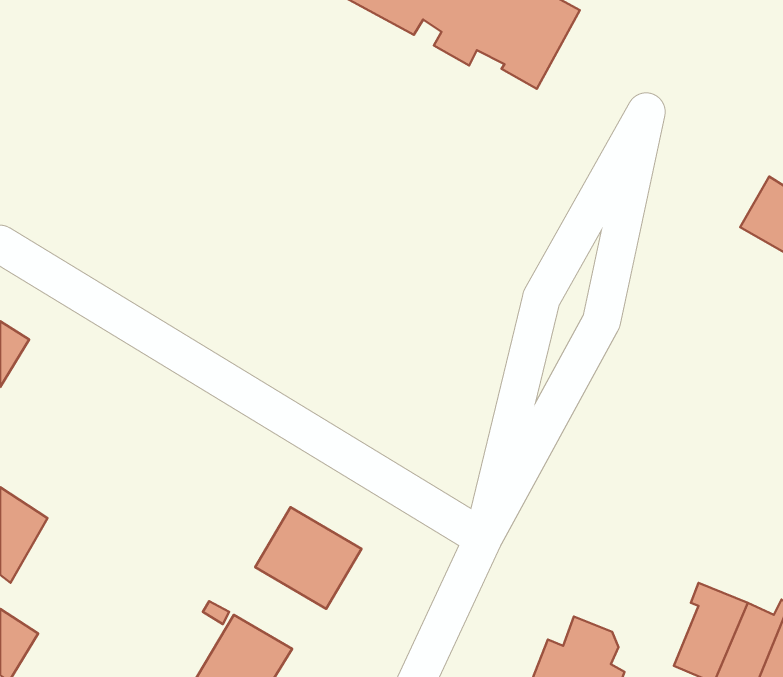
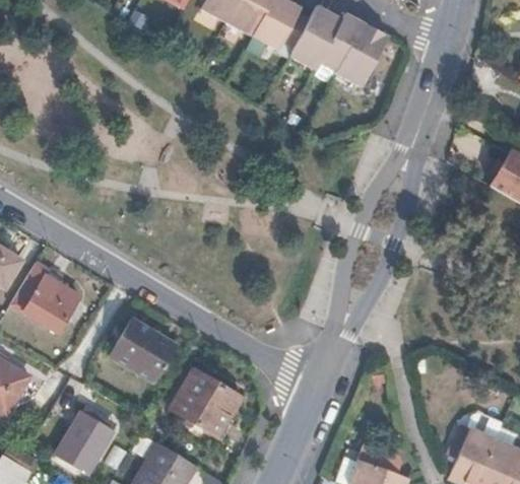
building: none -> [9,262,77,332]
building: none -> [111,318,176,379]
building: none -> [58,410,115,471]

